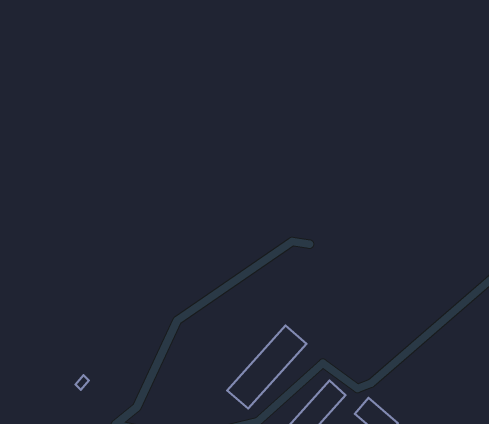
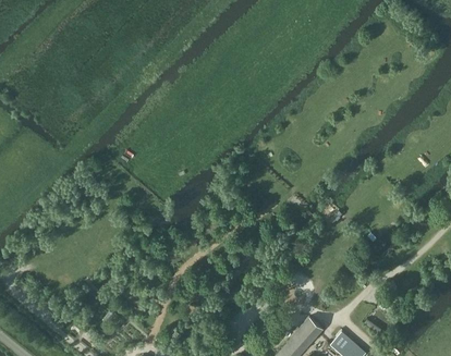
building: [227,326,306,409] -> none

